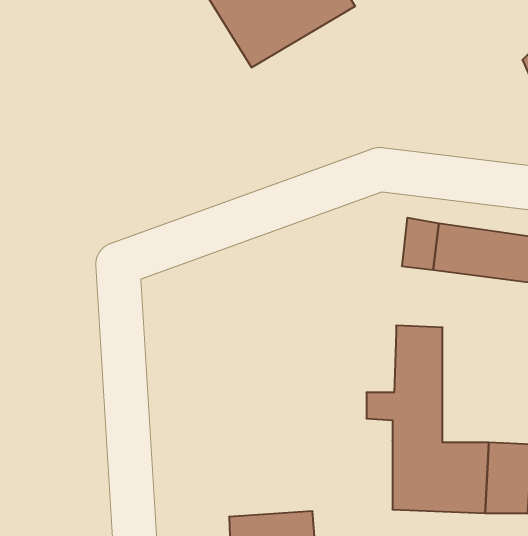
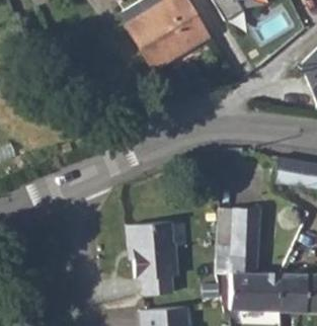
building: none -> [129,226,178,299]

